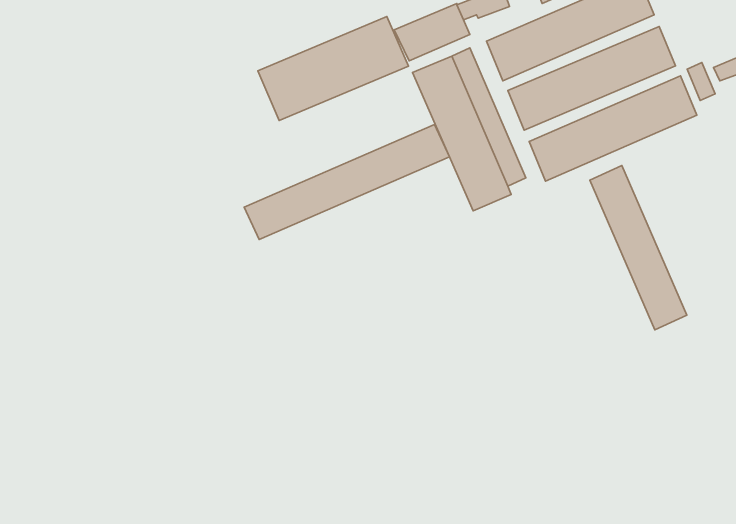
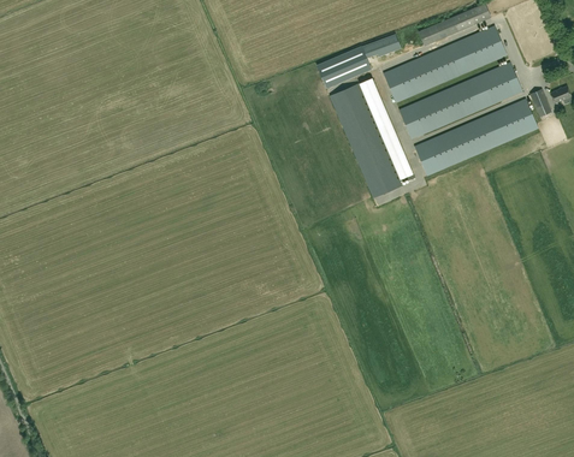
building: [258,16,408,121] -> none
building: [244,124,449,240] -> none
building: [590,166,687,330] -> none

